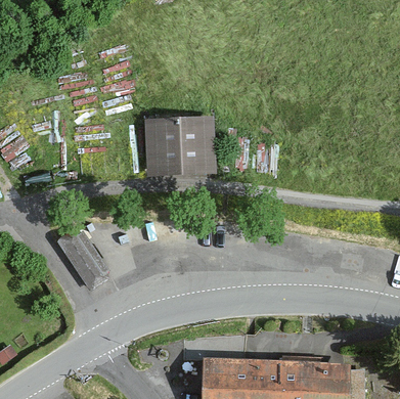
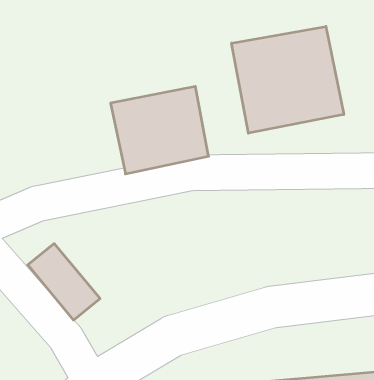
building: none -> [232,26,344,133]

